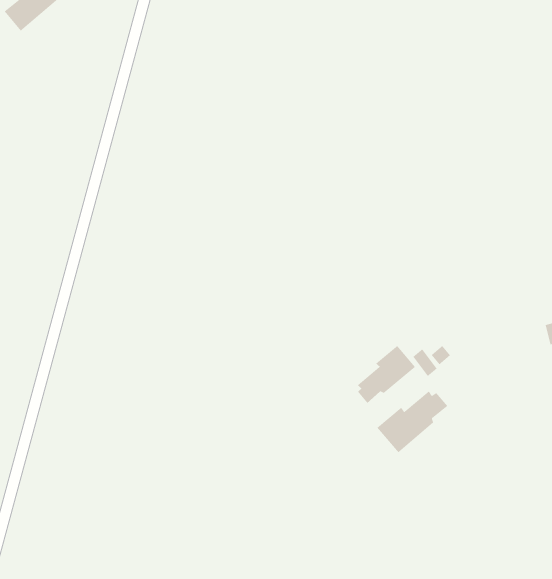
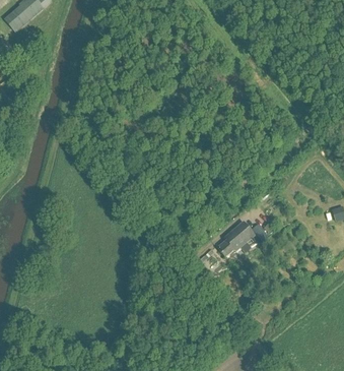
building: [377,391,448,453] -> none

